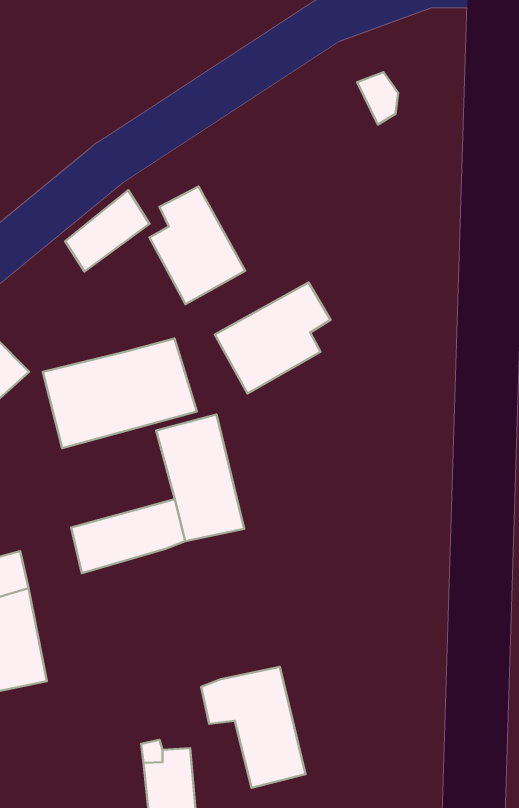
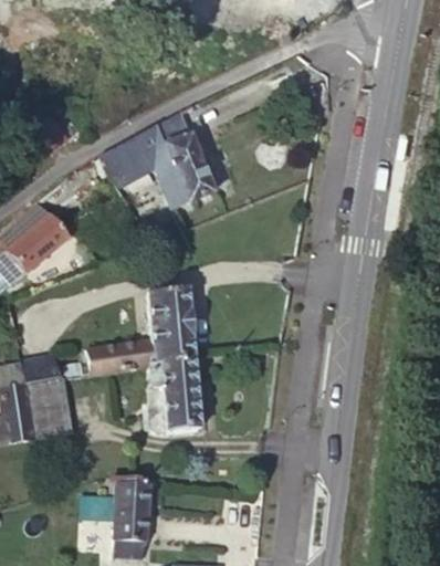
building: [215,283,331,393] -> none
building: [43,338,197,448] -> none
building: [201,667,305,788] -> [146,357,206,432]

